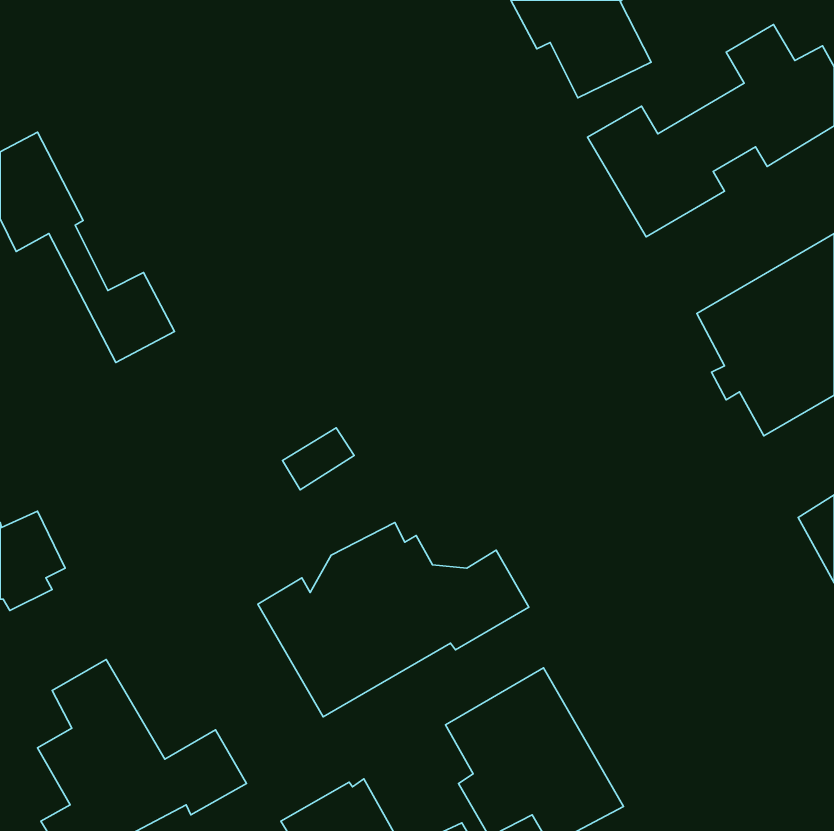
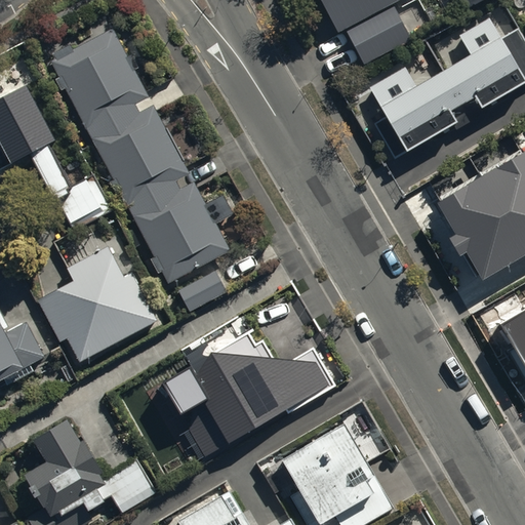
building: none -> [49,29,235,286]
building: none -> [36,256,155,370]

